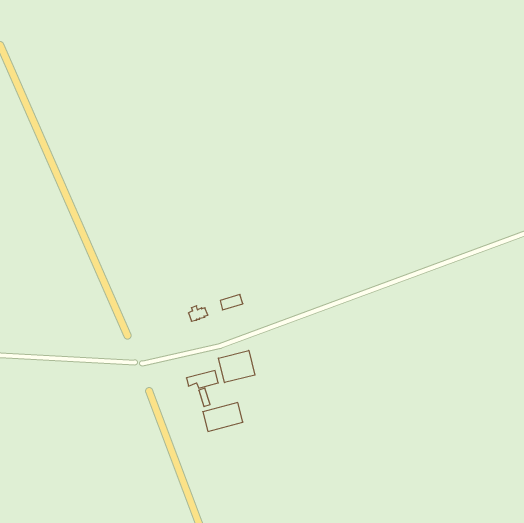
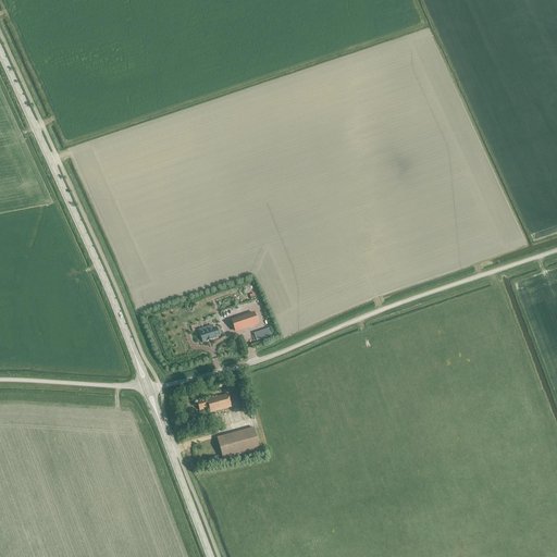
building: [218,350,255,383] -> none

